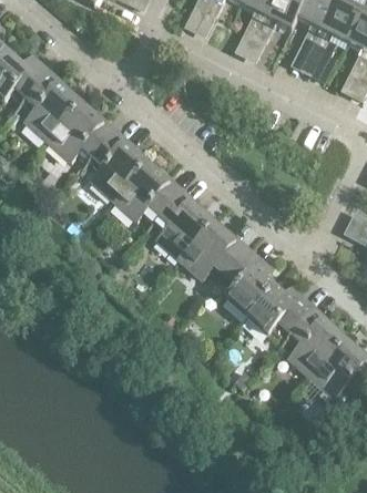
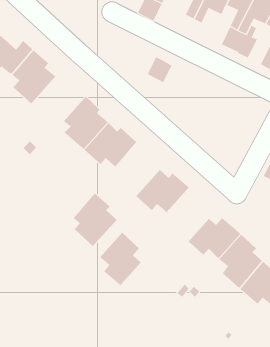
building: [234,29,266,62] -> [147,57,172,83]
building: [50,107,119,164] -> none
building: [156,191,213,259] -> [73,193,117,247]
building: [222,248,275,317] -> [100,232,142,286]

